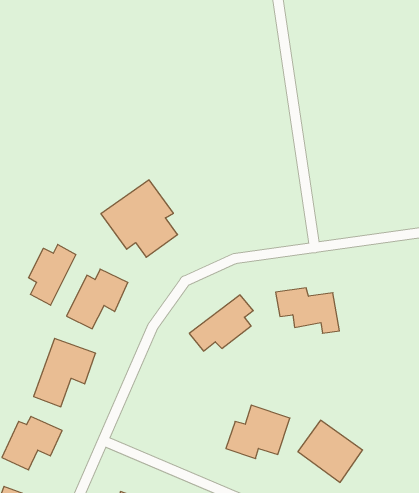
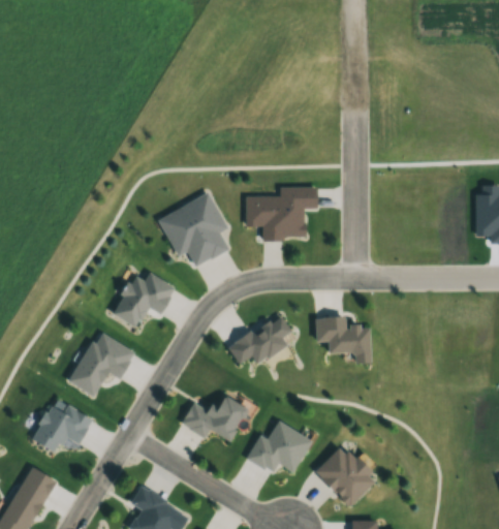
building: none -> [247,187,317,240]
building: [29,244,76,305] -> none
building: none -> [181,395,248,441]

